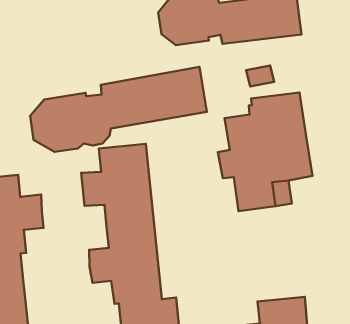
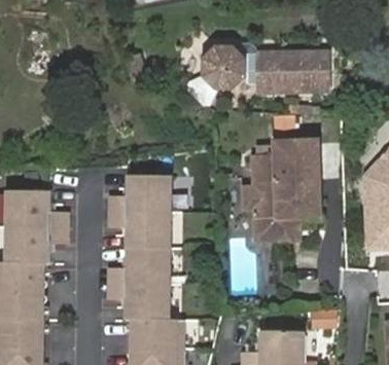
building: [30,67,207,152] -> none

